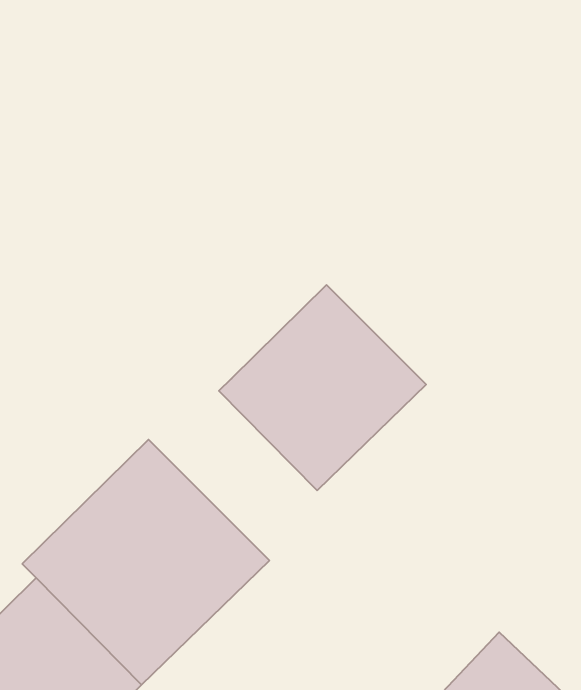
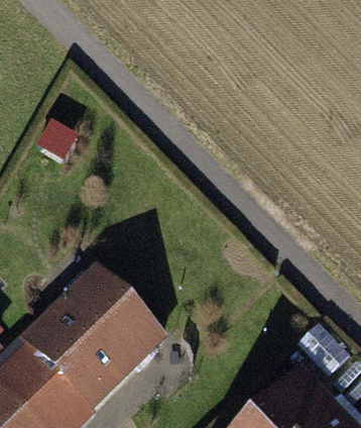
building: [219,285,426,490] -> none

